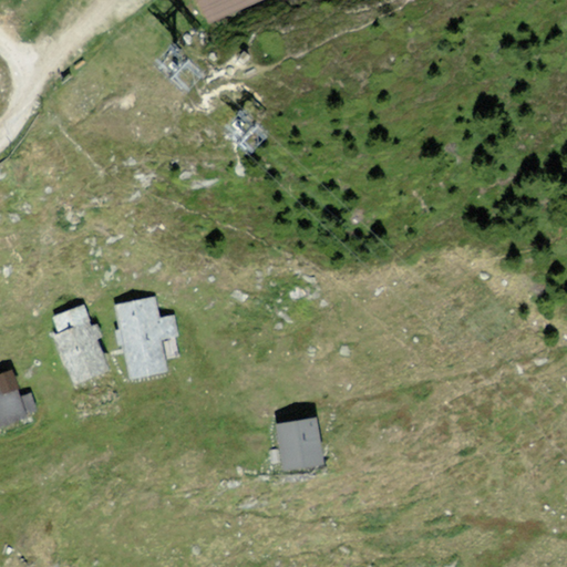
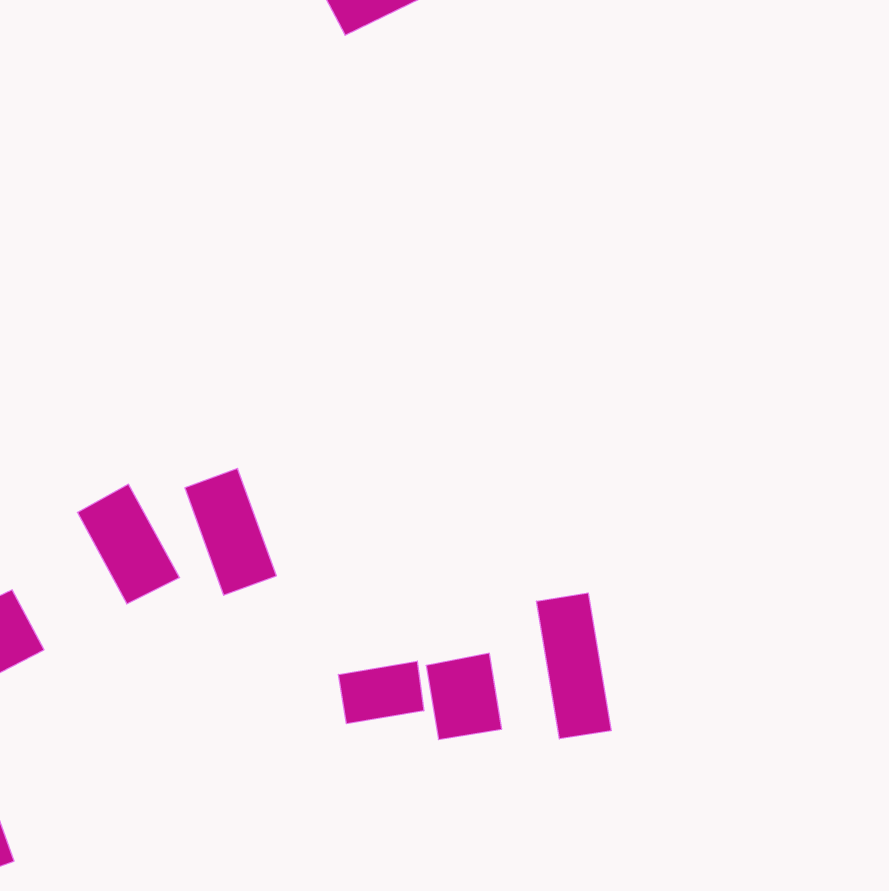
building: none -> [537,593,611,739]
building: none -> [338,661,424,724]

